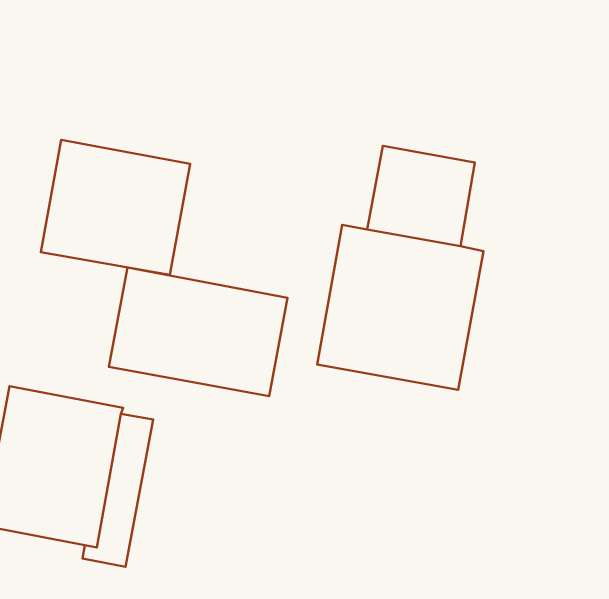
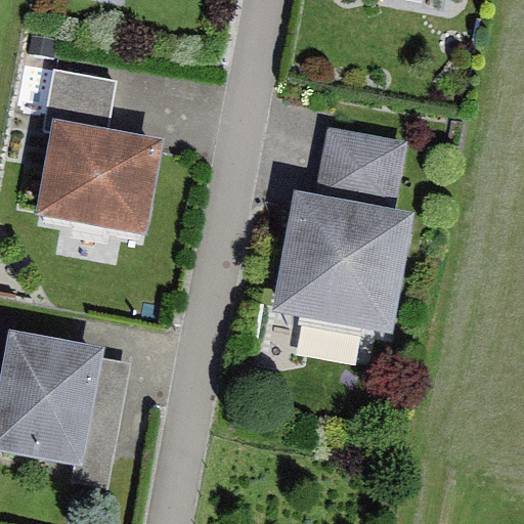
building: none -> [43,64,118,130]
building: [109,268,287,396] -> none

